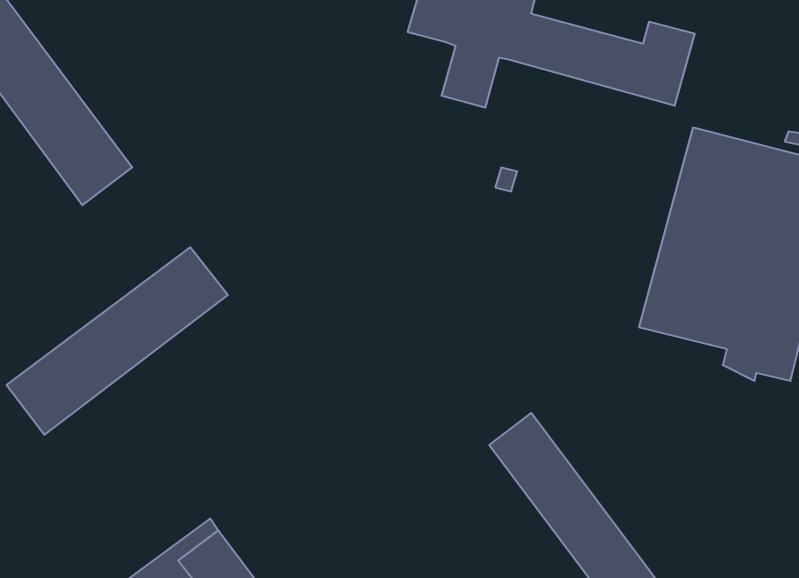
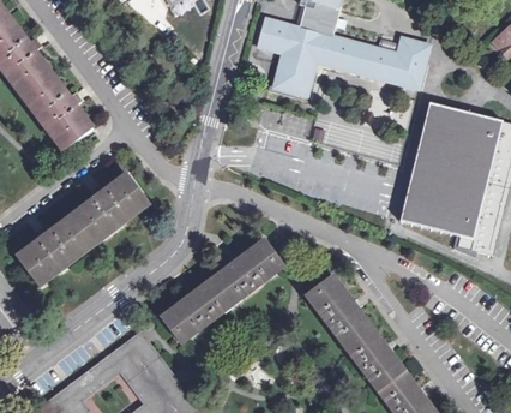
building: none -> [269,50,318,100]
building: none -> [160,239,283,343]

